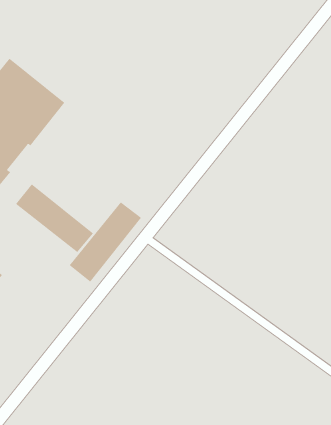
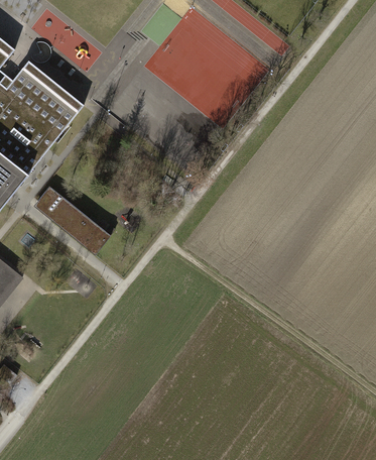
building: [69,201,142,282] -> none

